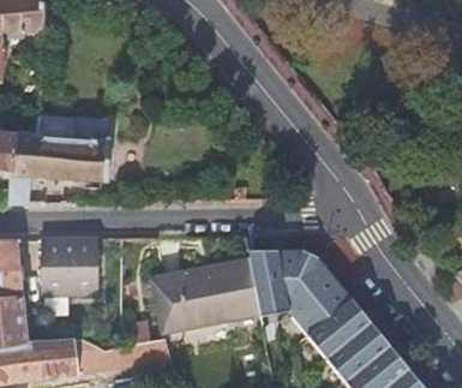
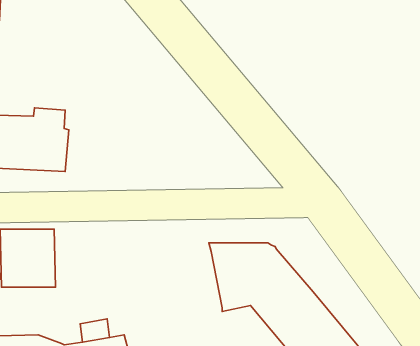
building: [152,258,260,333] -> none

